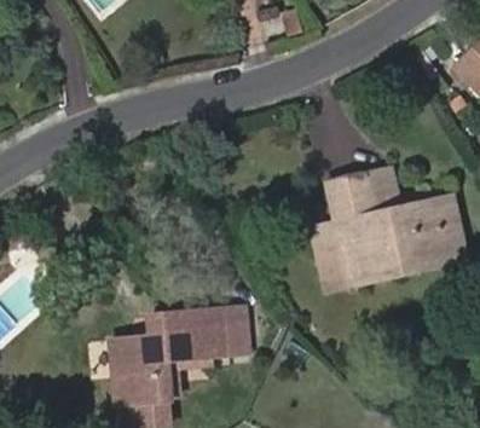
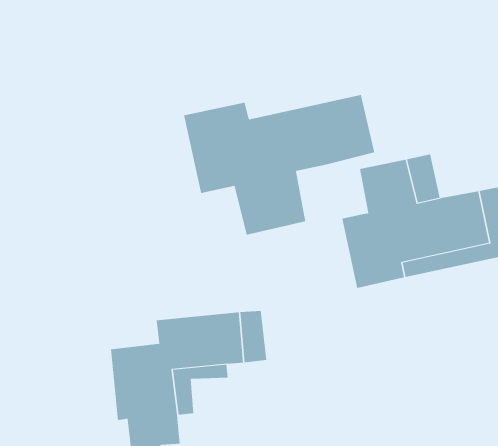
building: none -> [183,94,375,235]

